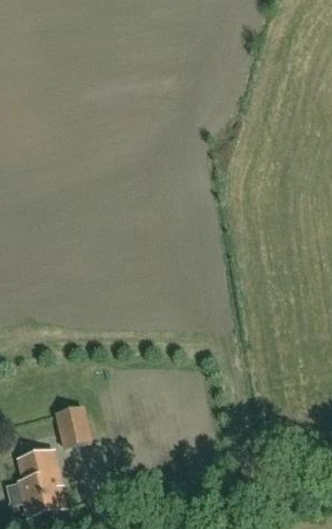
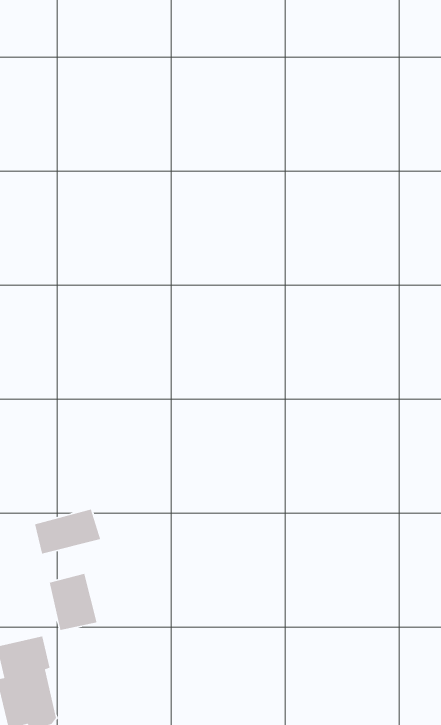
building: none -> [34,508,101,555]

